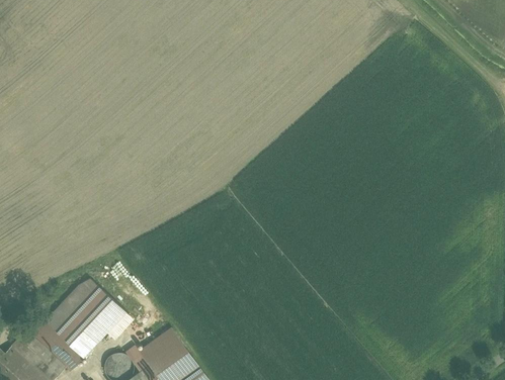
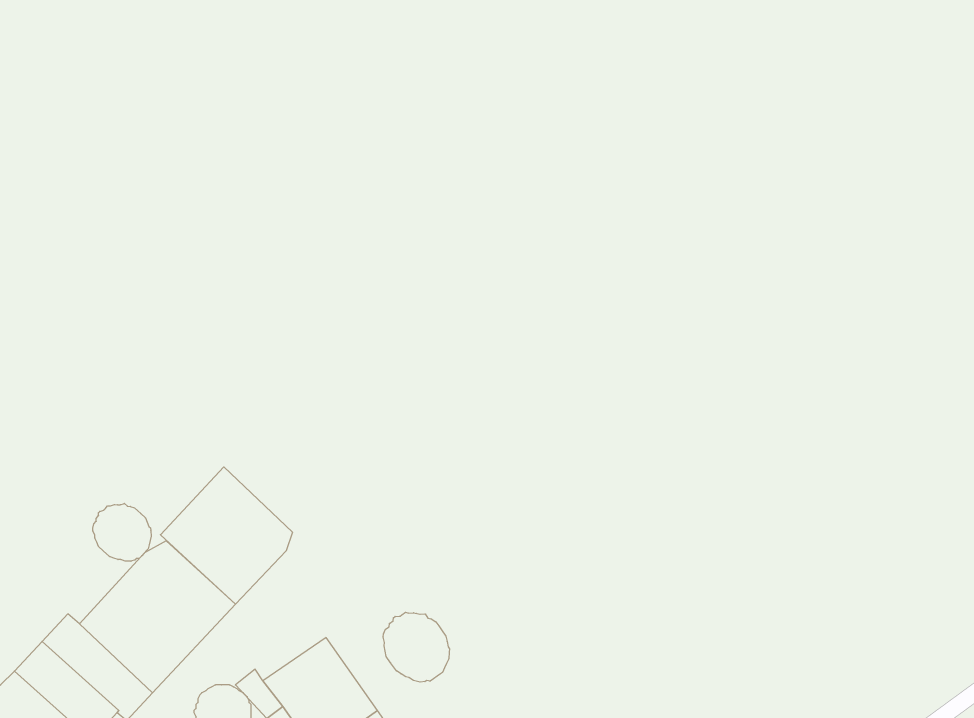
building: none -> [160,467,293,604]
building: none -> [93,503,151,561]
building: none -> [383,612,450,682]

